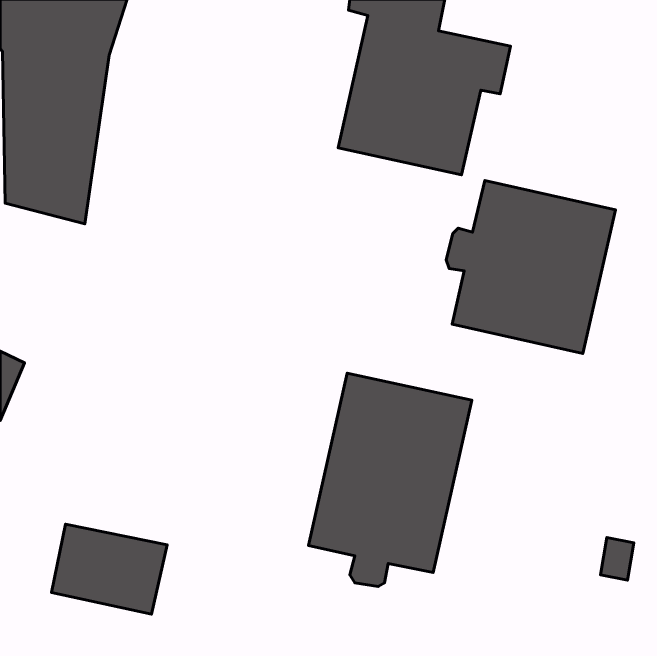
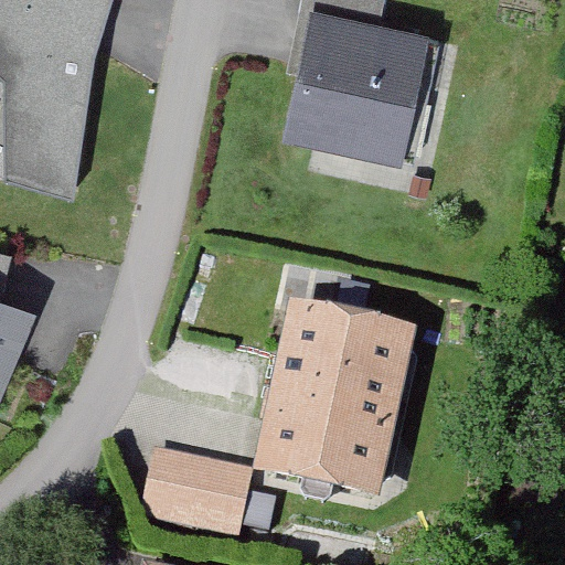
building: [446,180,616,354] -> none
building: [51,524,167,614] -> [147,455,246,532]

